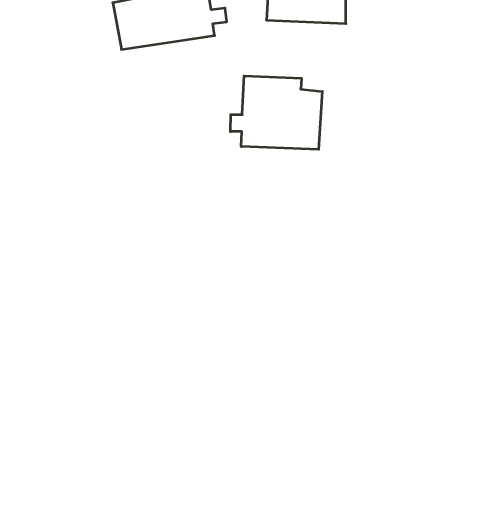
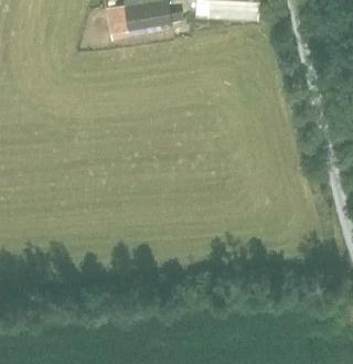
building: [230,76,322,149] -> none

